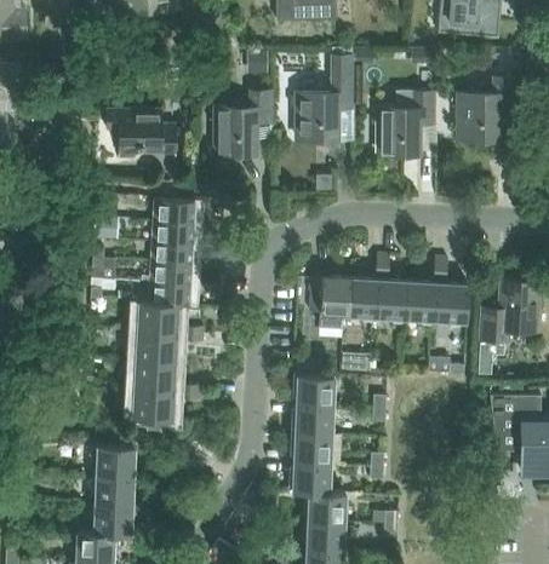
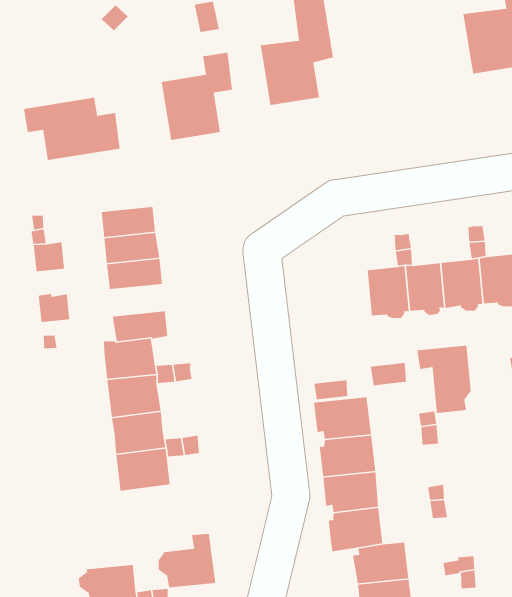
building: [378,91,436,155] -> none
building: [148,261,191,284] -> none
building: [311,276,351,329] -> [416,345,472,414]
building: [90,436,135,477] -> [158,533,216,588]

